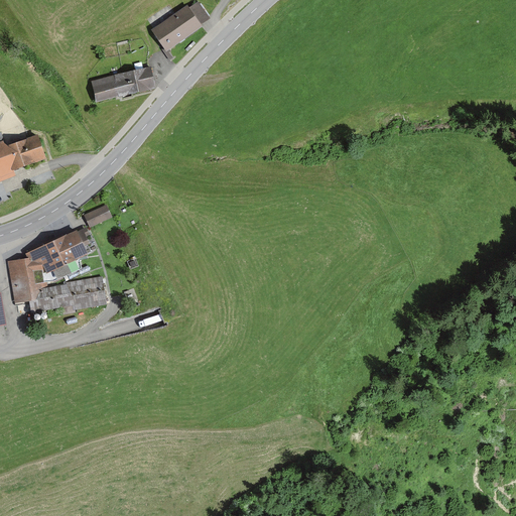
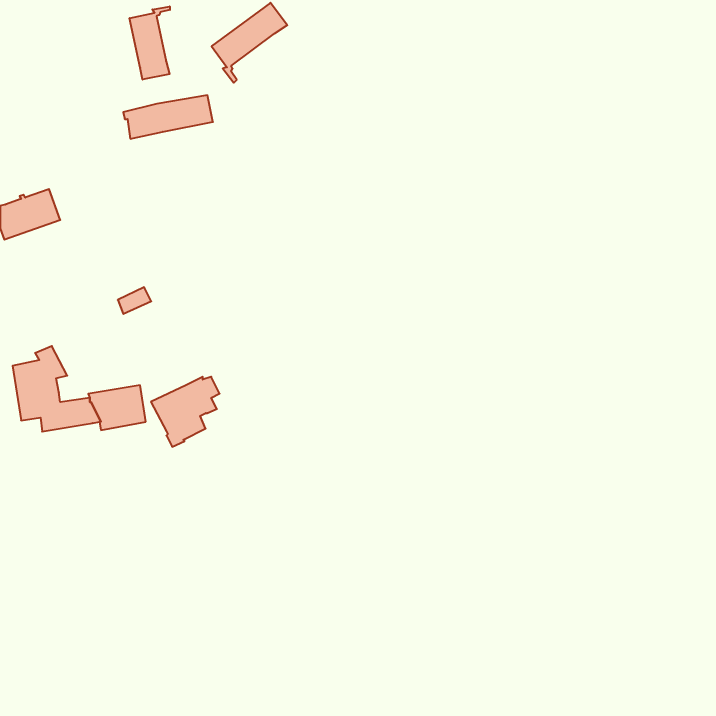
building: none -> [130,6,170,80]
building: [37,231,87,281] -> [151,377,220,447]

